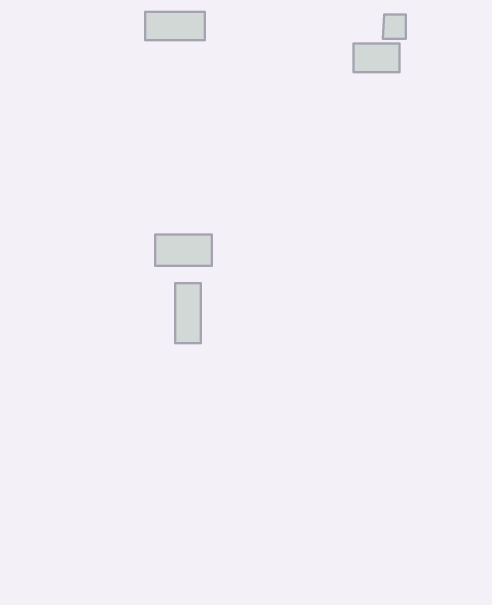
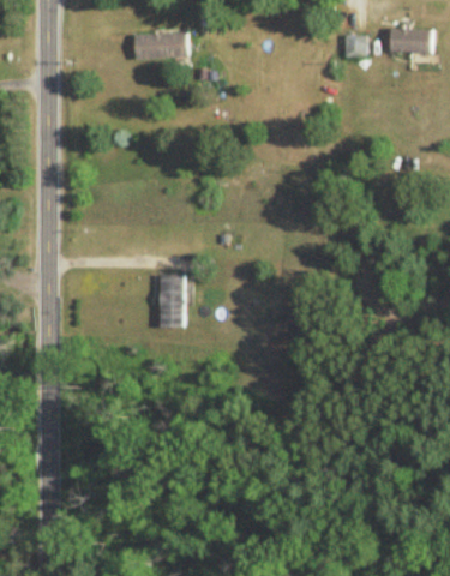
building: [353,44,400,72] -> [390,30,431,55]
building: [155,235,212,266] -> none

